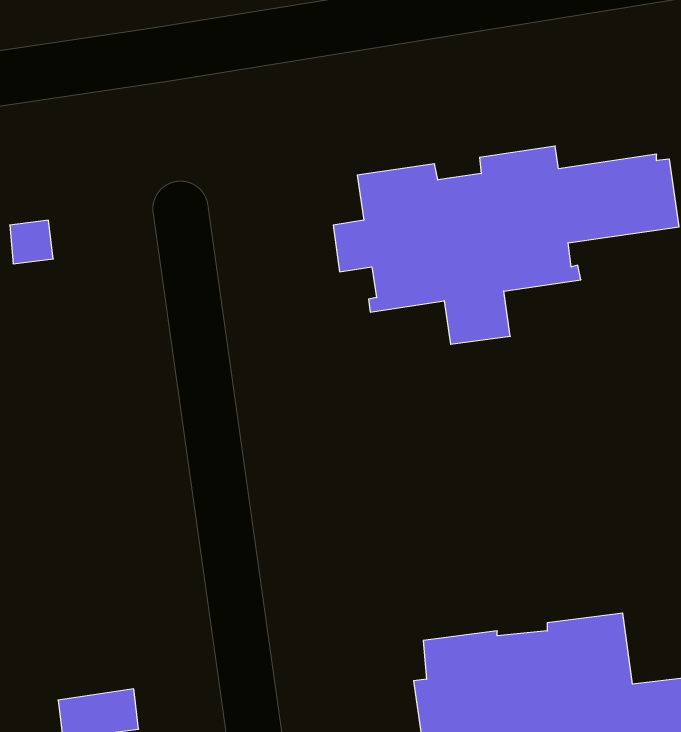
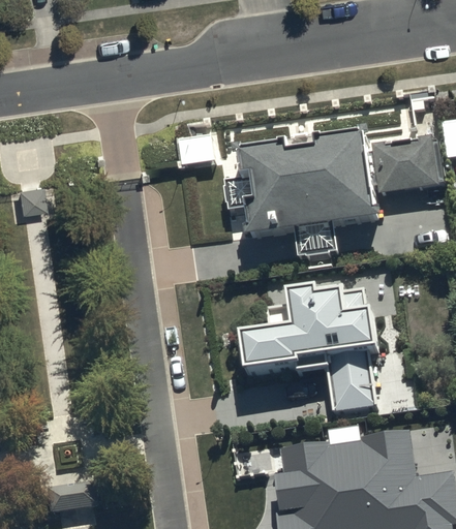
building: none -> [241,283,377,411]

